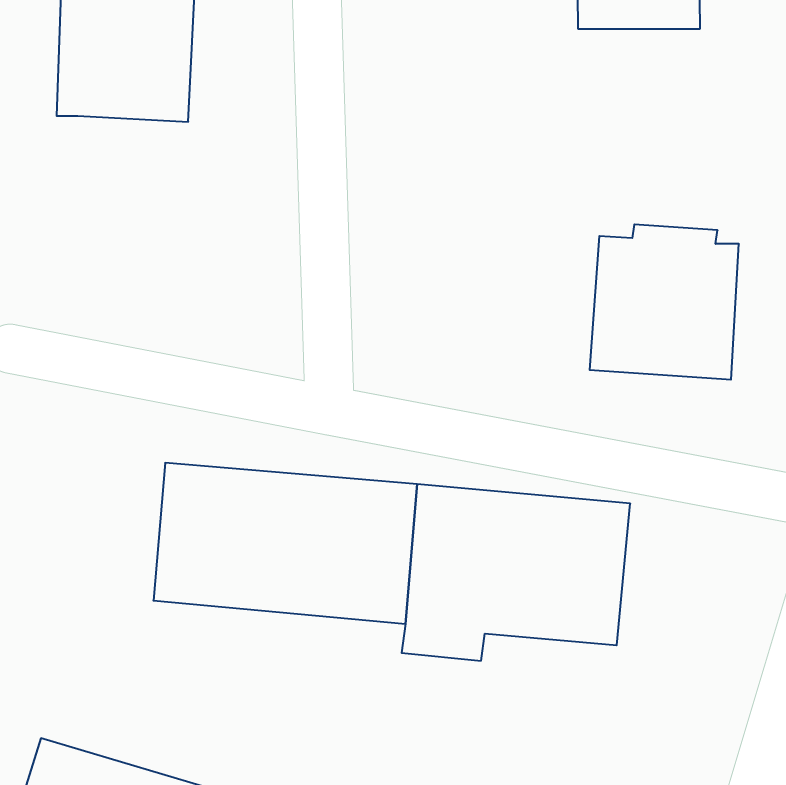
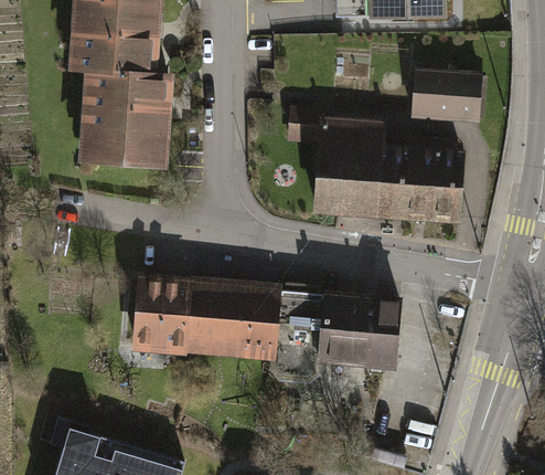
building: none -> [410,67,483,127]
building: none -> [84,72,164,167]
building: none -> [286,105,386,217]

